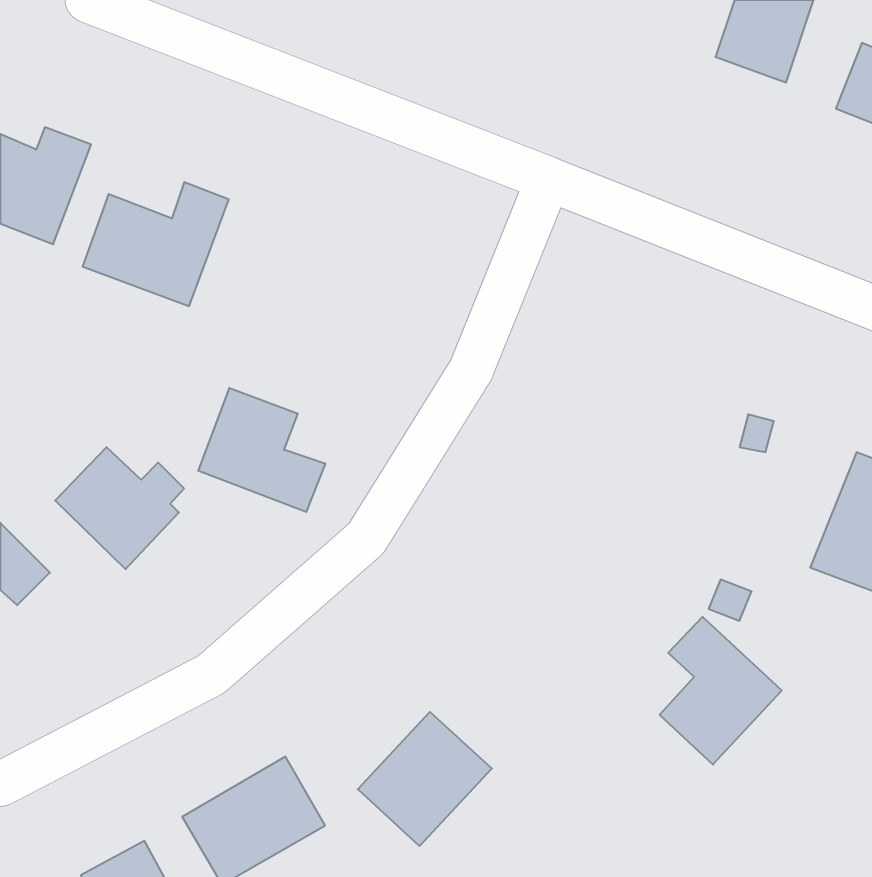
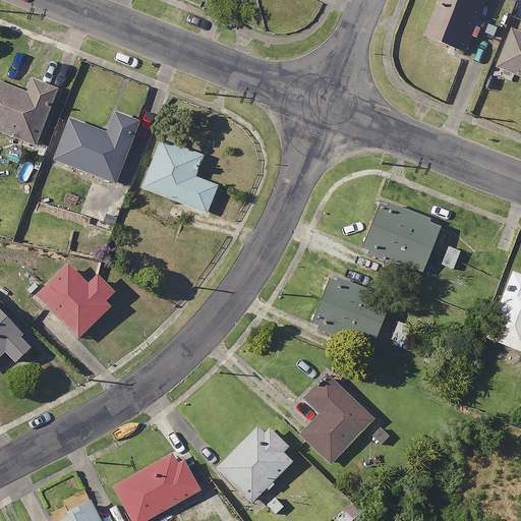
building: none -> [361,201,440,272]
building: [198,388,325,512] -> [142,139,218,213]
building: none -> [312,273,390,341]
building: [660,617,782,765] -> [300,377,372,464]

